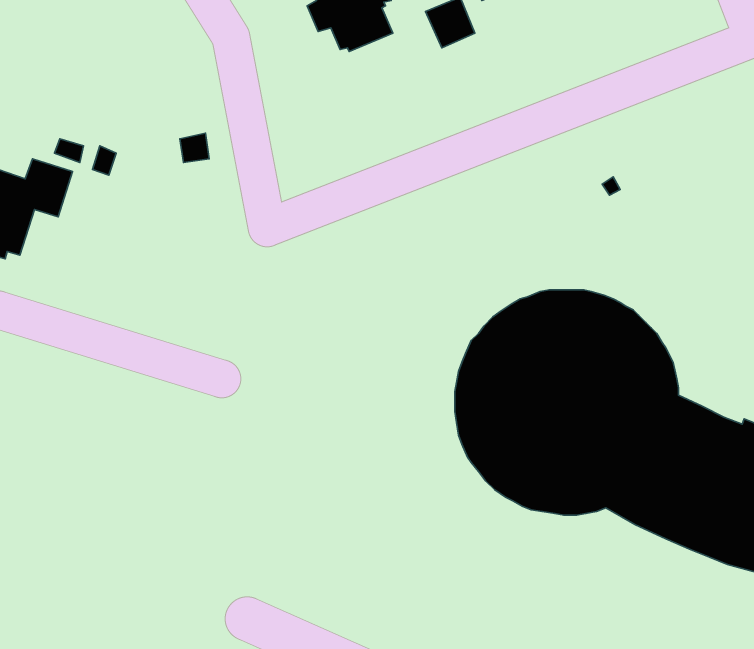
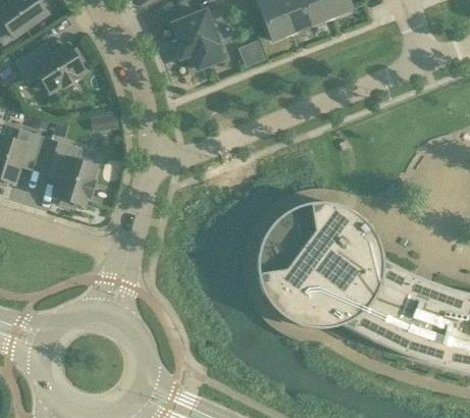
building: none -> [16,45,85,92]
building: none -> [51,141,97,208]

